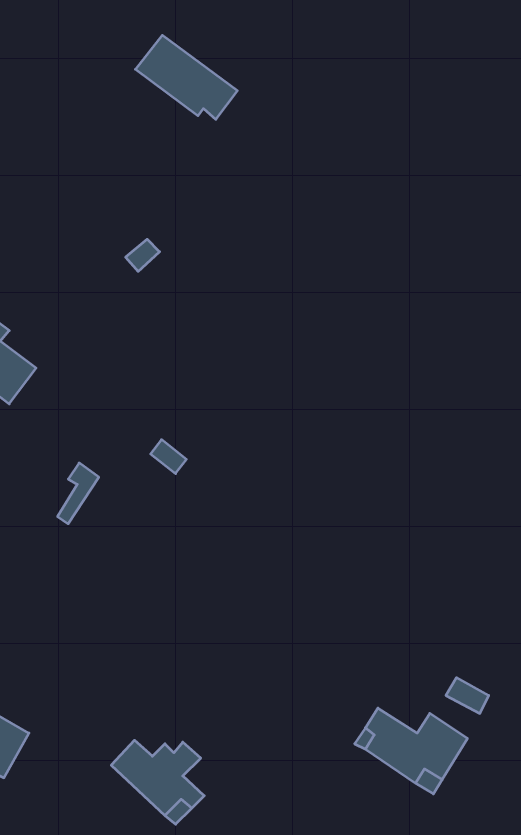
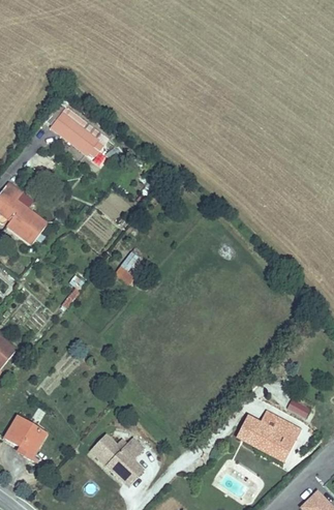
building: [135,35,237,119] -> [50,103,109,152]

